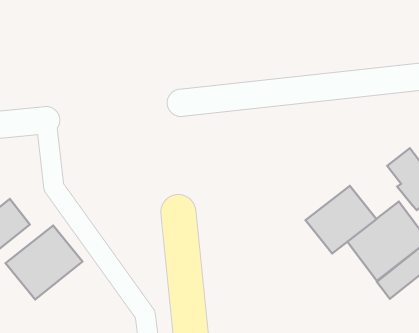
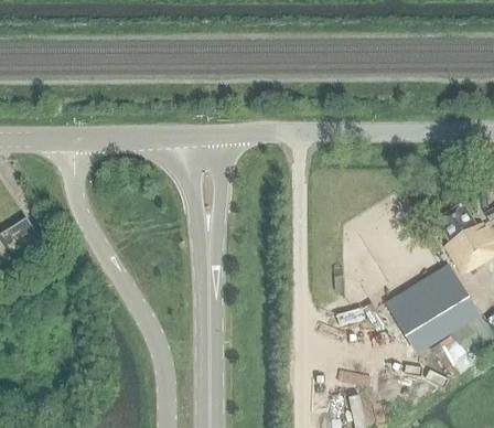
building: [306,186,376,253] -> none
building: [5,225,83,299] -> none

